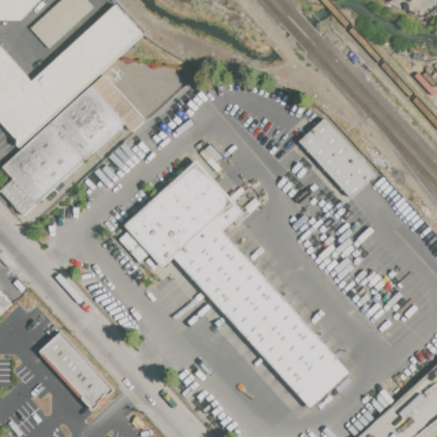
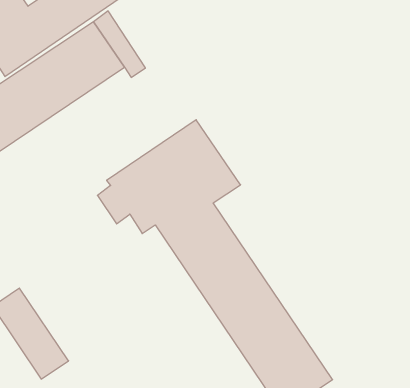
building: [299,119,373,197] -> none

